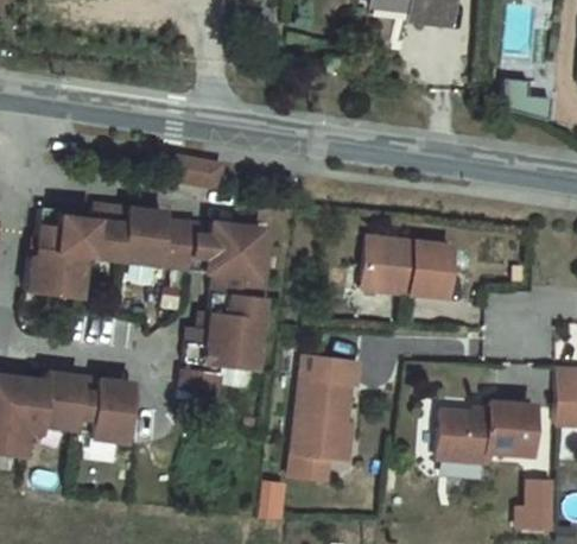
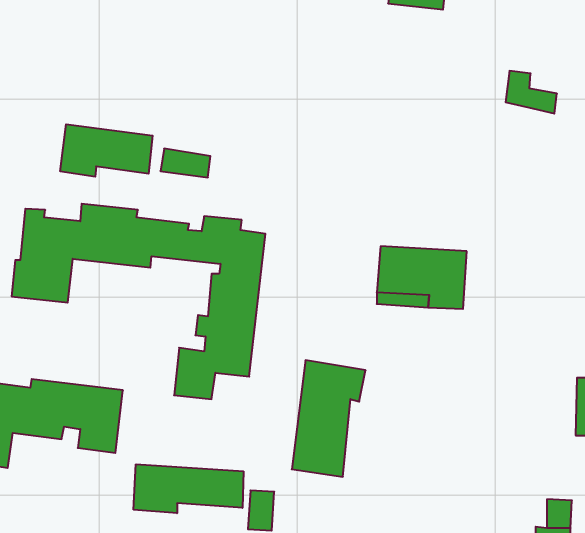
building: none -> [60,124,153,177]
building: [443,410,537,473] -> none
building: none -> [134,464,243,513]

